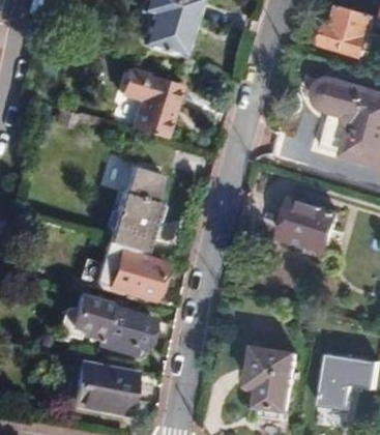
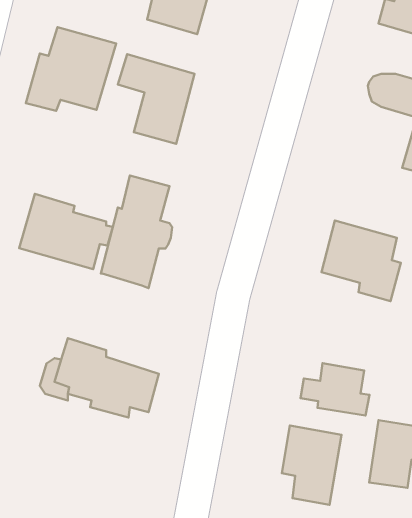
building: none -> [26,27,116,111]
building: [94,239,168,298] -> [19,194,113,269]
building: none -> [300,363,369,416]
building: [72,358,134,412] -> none

